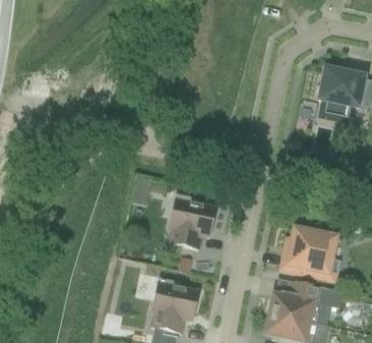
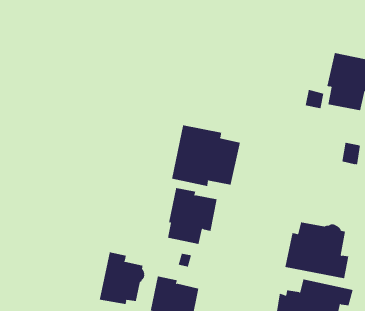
building: none -> [171,125,240,187]
building: none -> [99,252,145,305]

